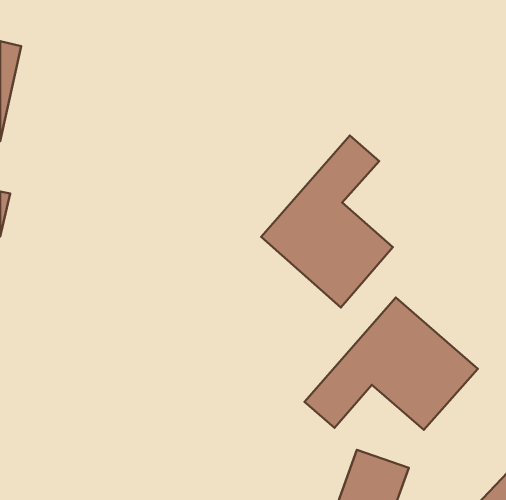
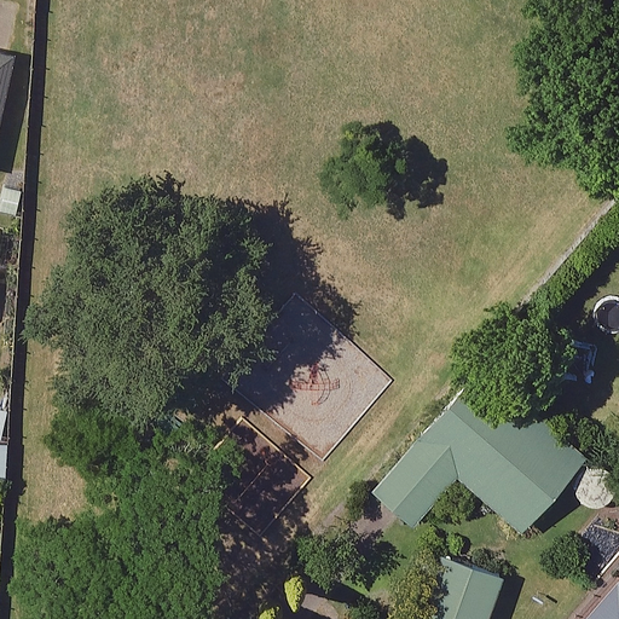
building: [261,136,393,307] -> none

